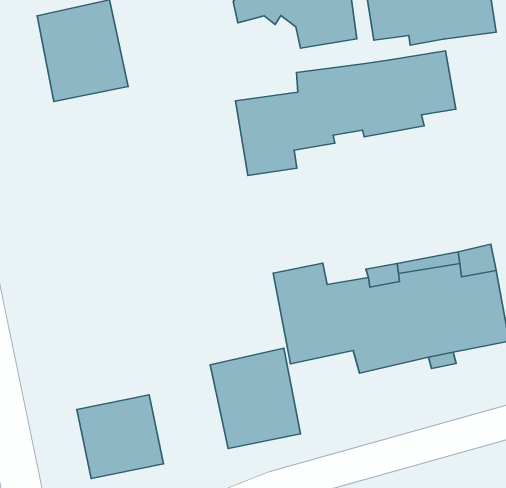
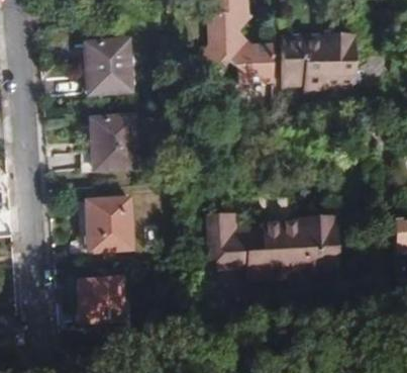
building: [235,51,456,176] -> none
building: none -> [90,112,138,168]
building: [210,348,301,449] -> [86,195,134,251]

